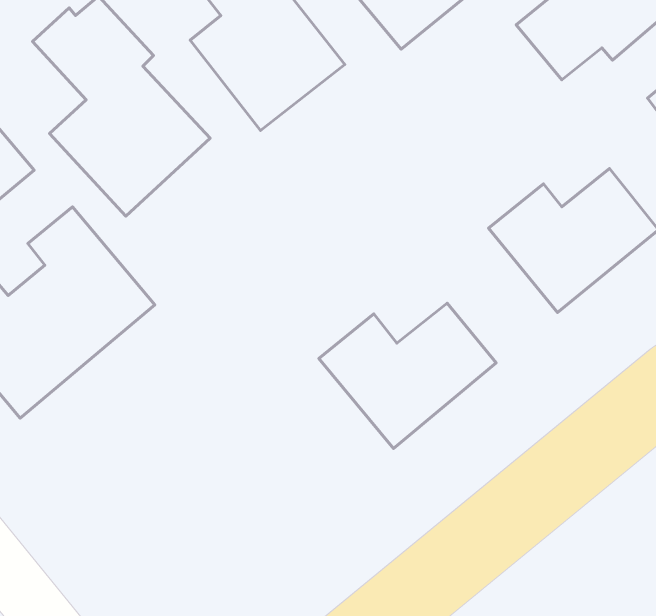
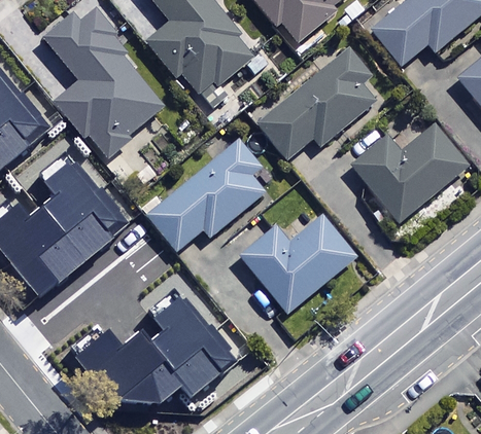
building: none -> [260,51,376,158]
building: none -> [148,140,275,253]
building: none -> [73,292,233,398]

